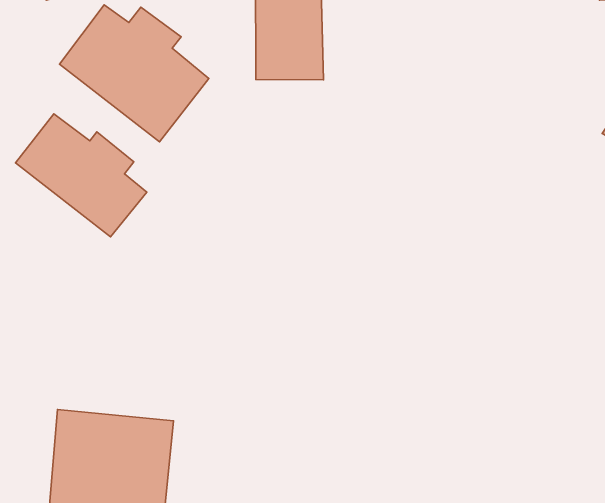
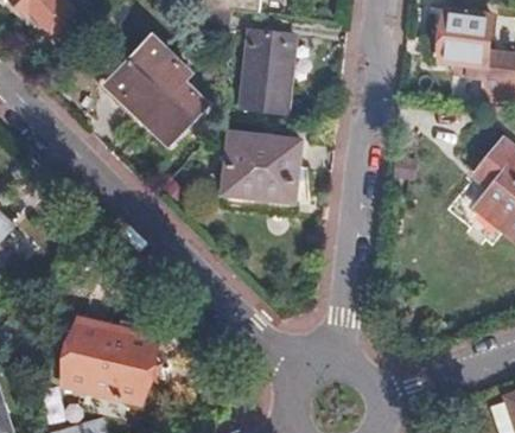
building: [16,114,147,237] -> none
building: none -> [220,134,301,211]

